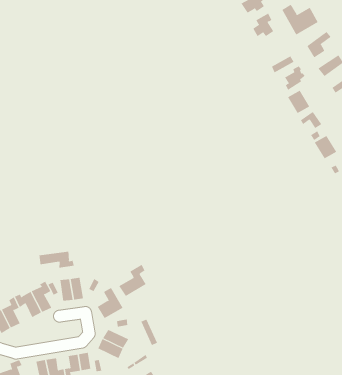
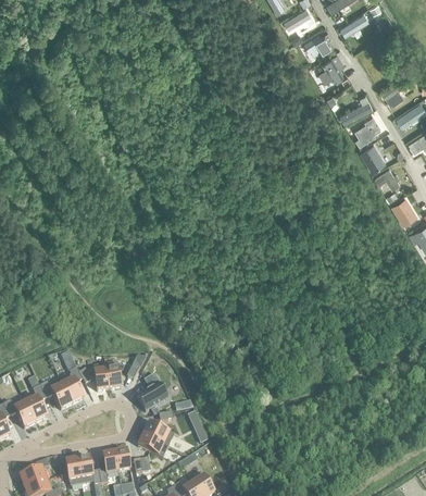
building: [281,4,318,36] -> none
building: [39,251,74,268] -> none
building: [119,264,146,297] -> none

